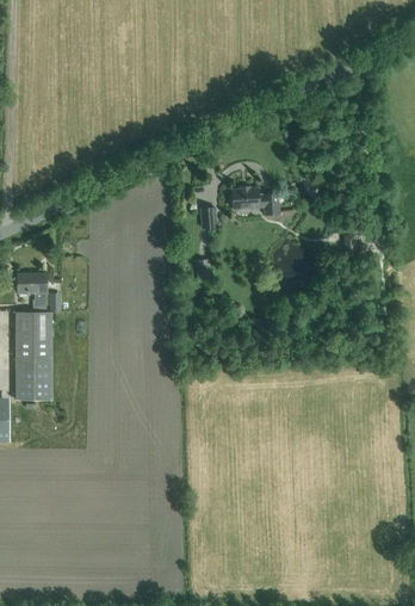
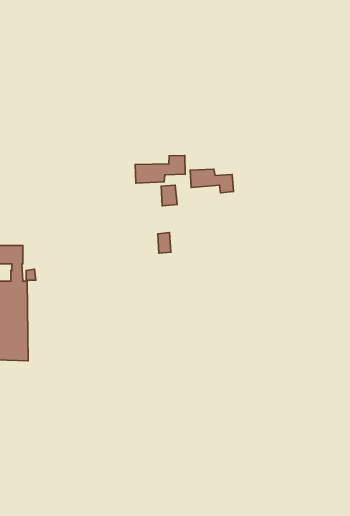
building: none -> [135,156,185,183]

